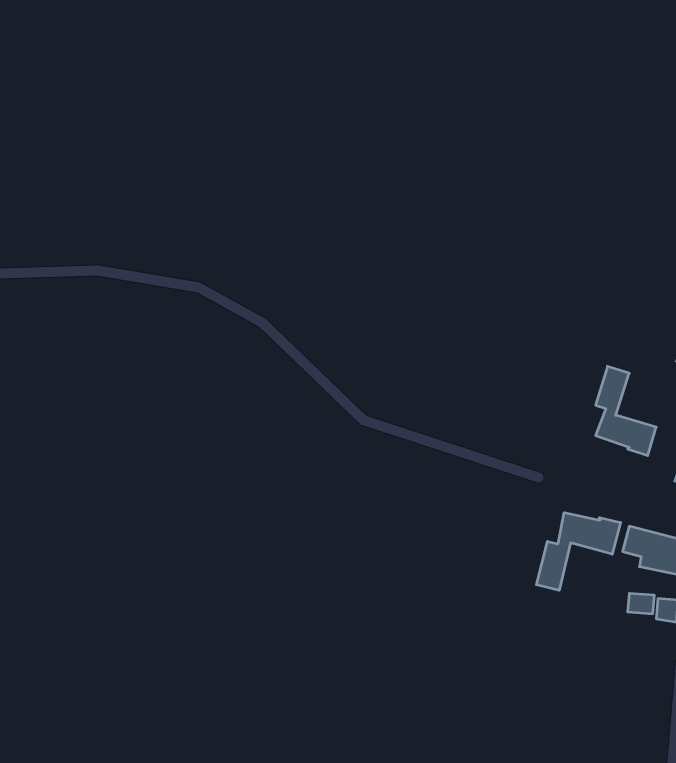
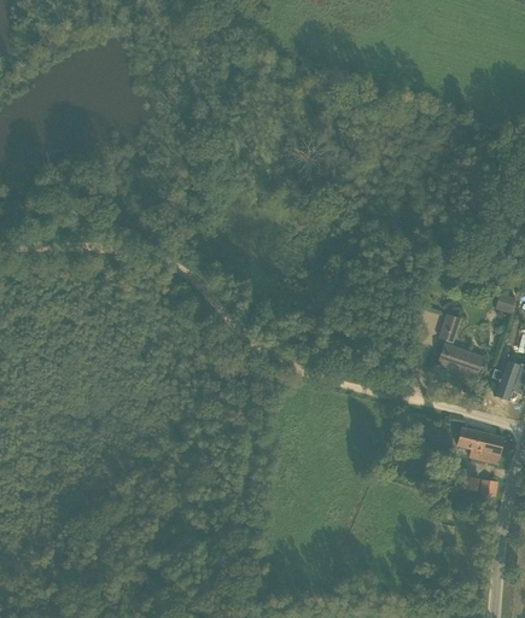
building: [536,513,621,590] -> none

